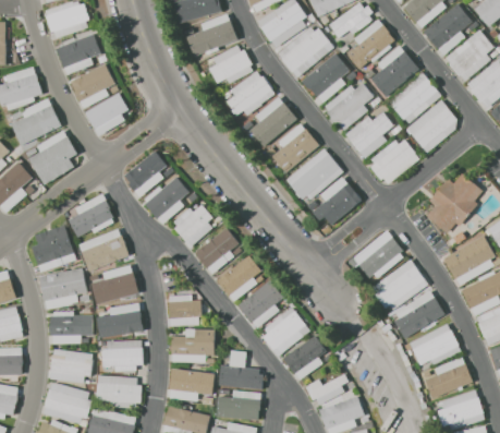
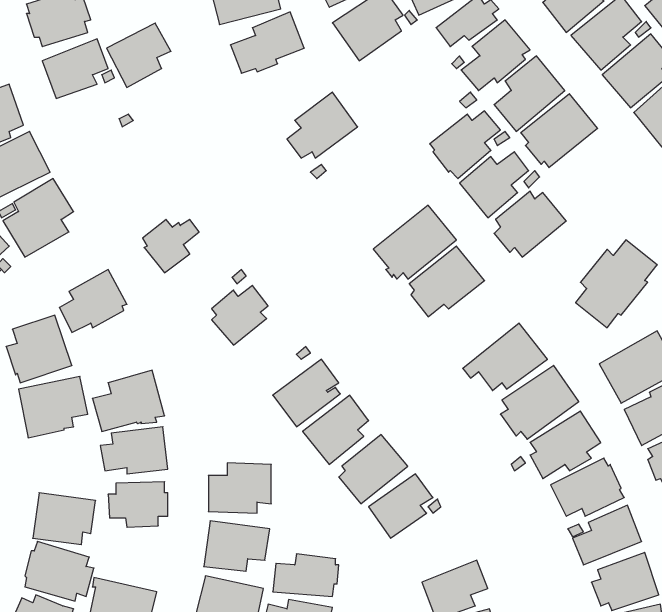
building: [278,26,334,76] -> none
building: [209,44,252,83] -> none
building: [300,52,349,101] -> none
building: [70,63,114,108] -> [107,23,171,87]
building: [249,95,297,146] -> none
building: [90,98,127,134] -> none
building: [405,100,455,154] -> none
building: [267,123,318,172] -> none
building: [144,177,190,226] -> none
building: [195,227,239,273] -> none
building: [77,228,129,270] -> none
building: [169,296,200,326] -> none
building: [49,313,93,344] -> none
building: [218,351,264,389] -> none
building: [304,373,349,405] -> none
building: [95,374,142,408] -> none

